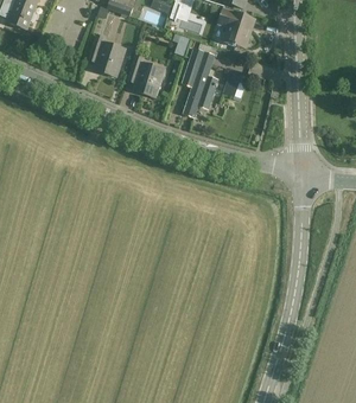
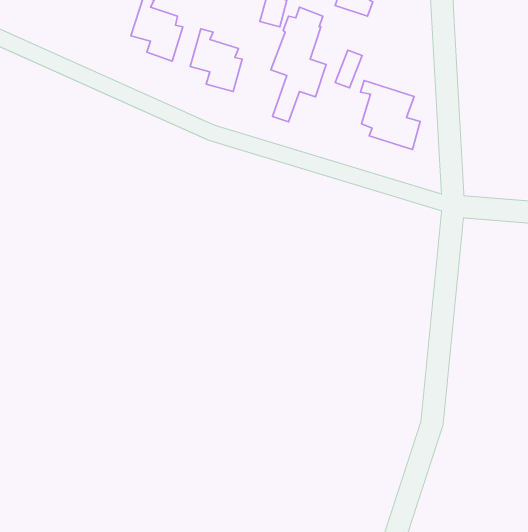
building: none -> [360,80,420,150]

